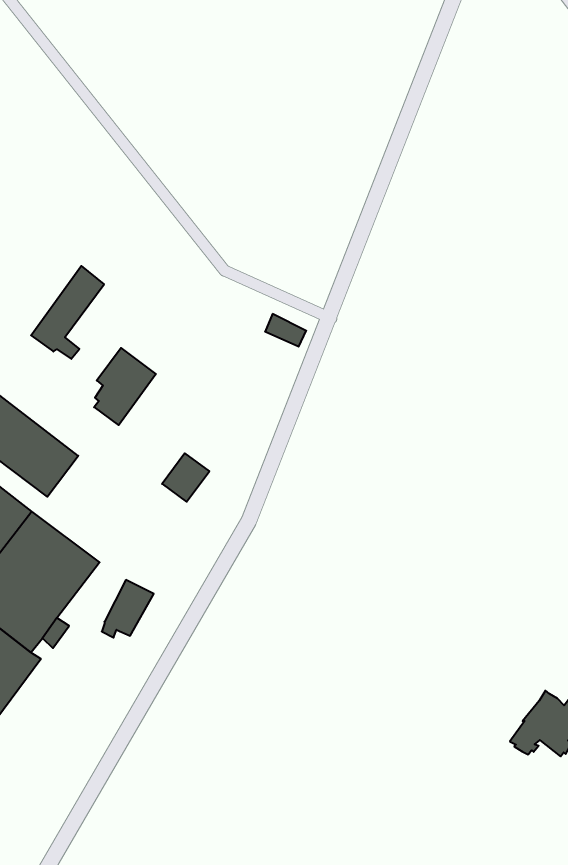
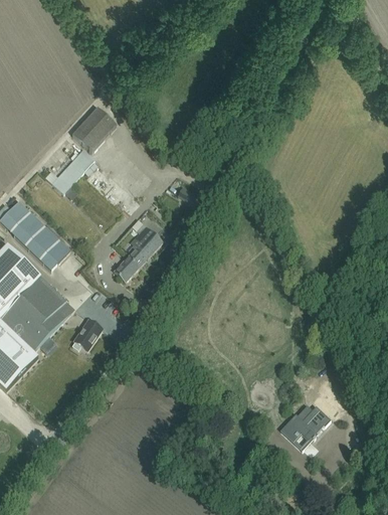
building: none -> [72,106,117,151]
building: [94,348,156,425] -> [128,224,163,266]

